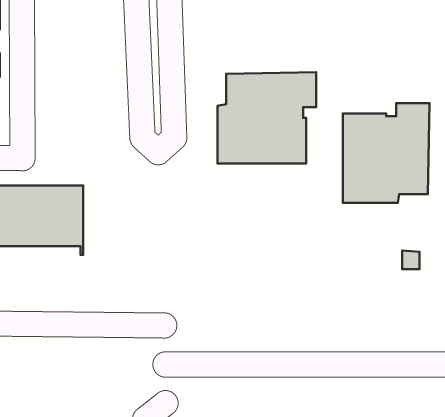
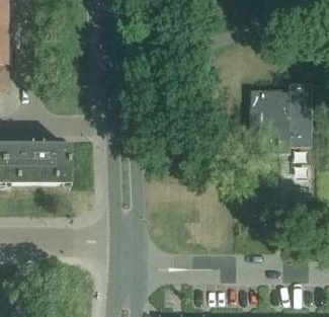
building: [218,72,316,164] -> none

